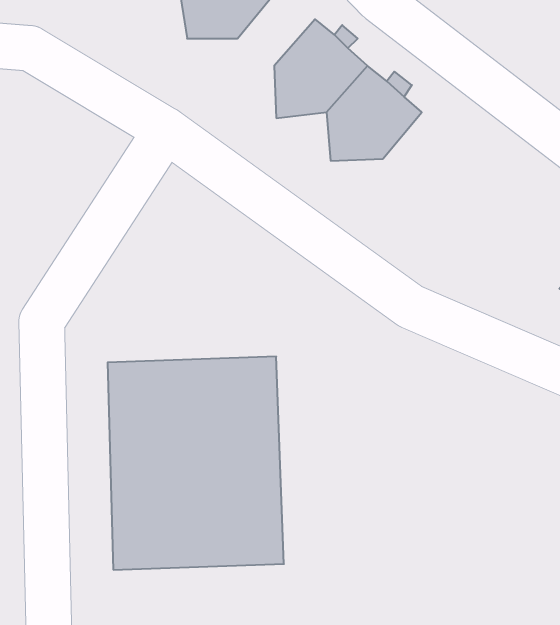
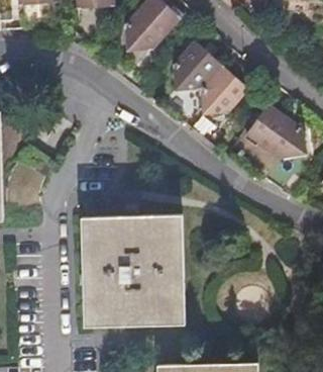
building: none -> [247,102,309,159]

